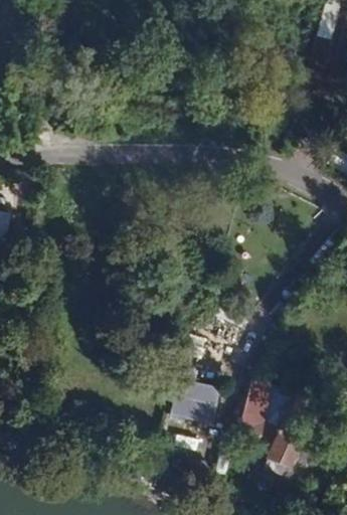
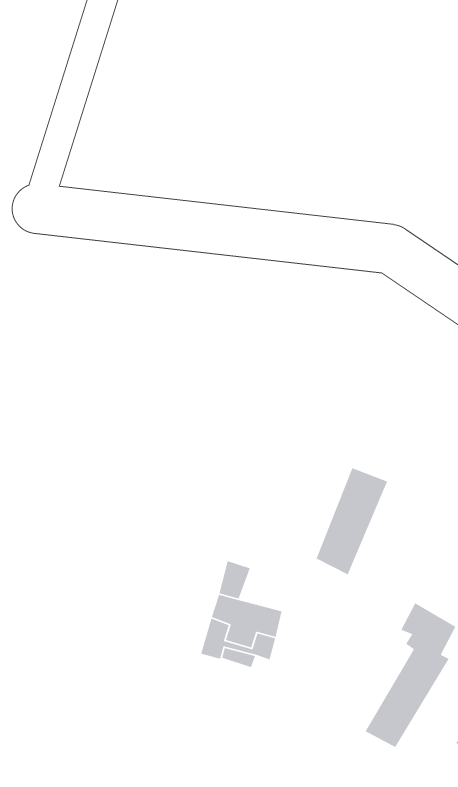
building: [236,378,276,445] -> [316,467,388,575]

